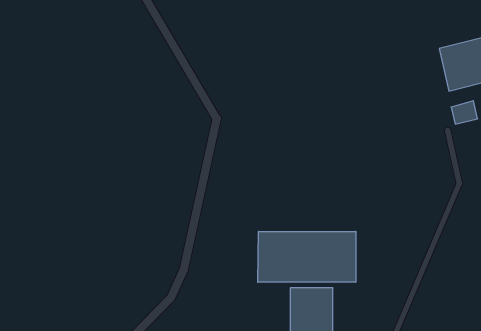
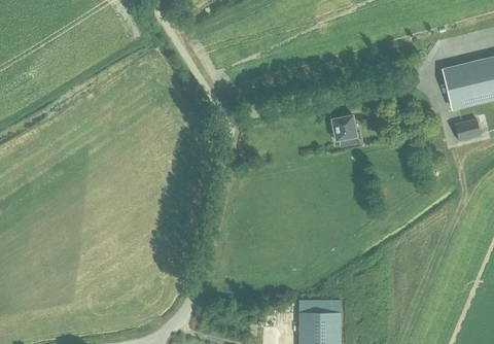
building: none -> [331,114,361,146]
building: [258,231,356,282] -> none

